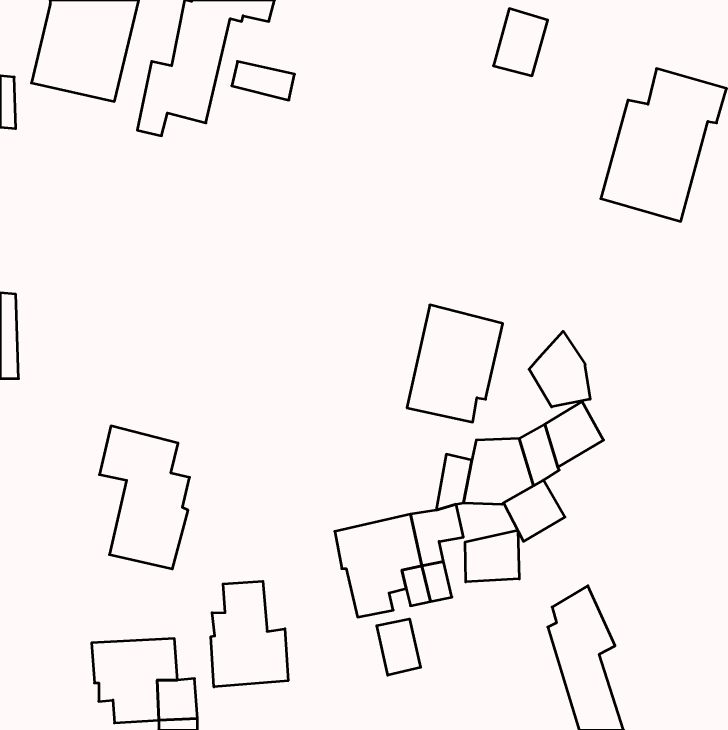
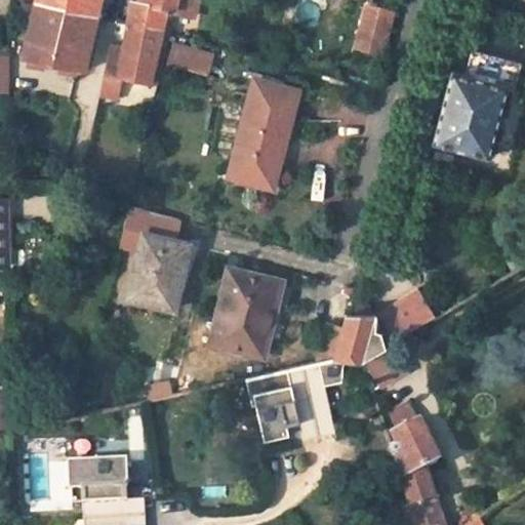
building: none -> [227,80,298,188]
building: [407,305,503,422] -> [207,271,276,355]
building: [529,331,590,407] -> none
building: [99,426,190,569] -> [121,209,186,312]
building: [465,530,519,582] -> none
building: [211,581,288,687] -> none
building: [377,619,421,675] -> none

